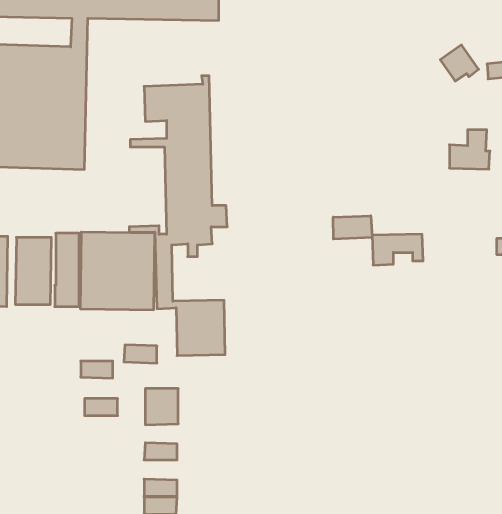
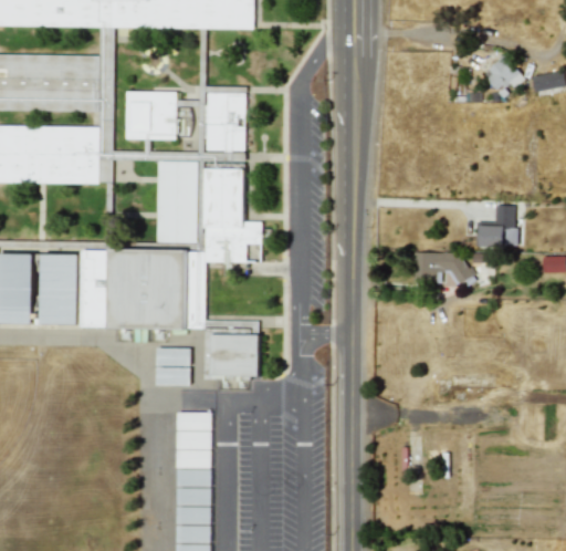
building: none -> [129,92,176,138]
building: [449,130,490,169] -> [475,205,517,246]
building: none -> [157,162,198,242]
building: [333,216,372,239] -> none
building: [81,361,113,378] -> [156,347,189,365]
building: [85,399,118,416] -> [176,449,210,467]
building: none -> [177,487,210,506]

